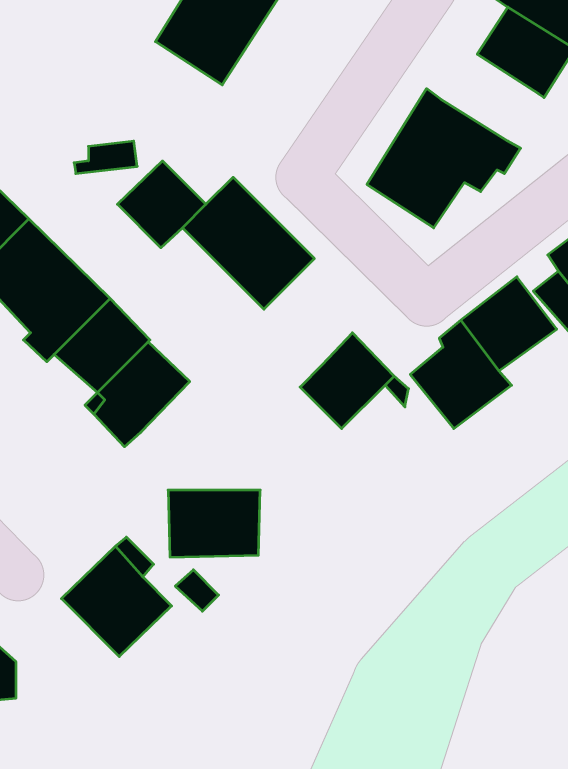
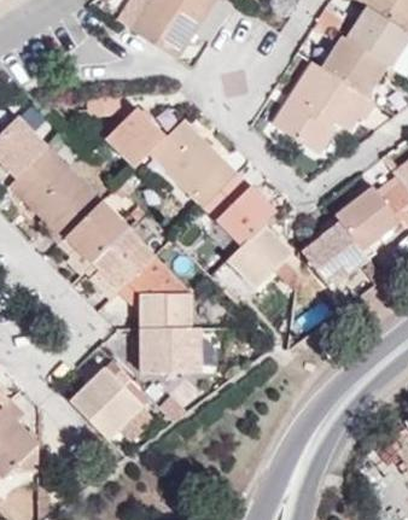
building: none -> [322,35,387,95]
building: none -> [204,174,276,245]
building: none -> [122,256,192,328]

